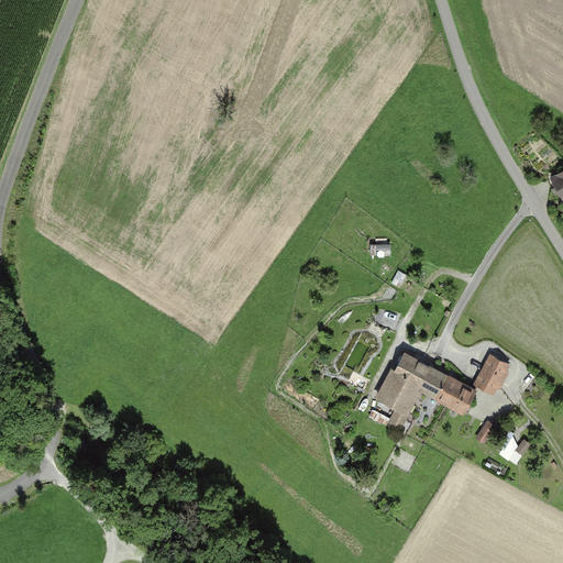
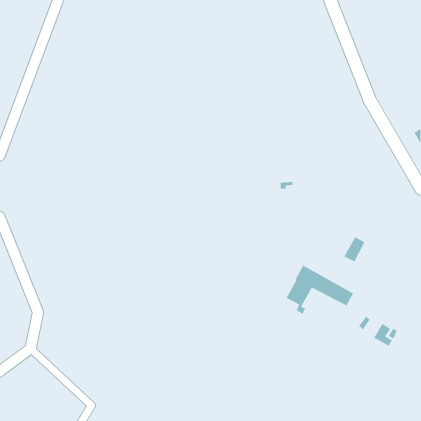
building: [476,356,506,391] -> [343,236,365,262]

